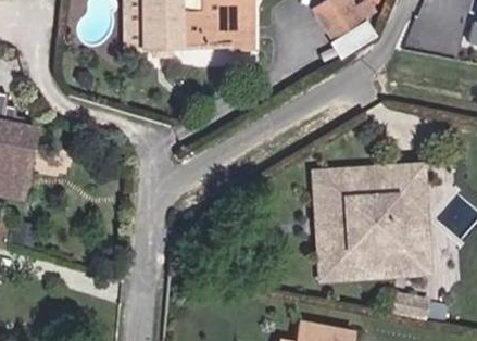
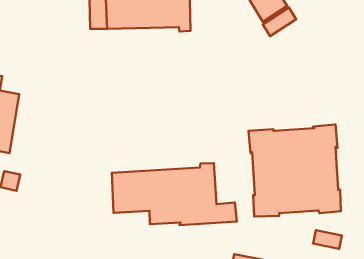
building: none -> [112,163,237,225]

